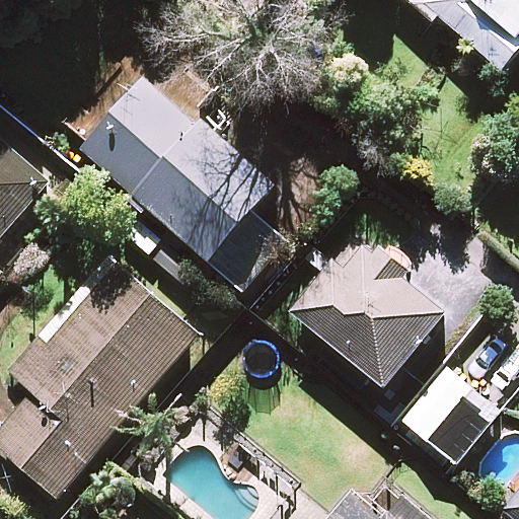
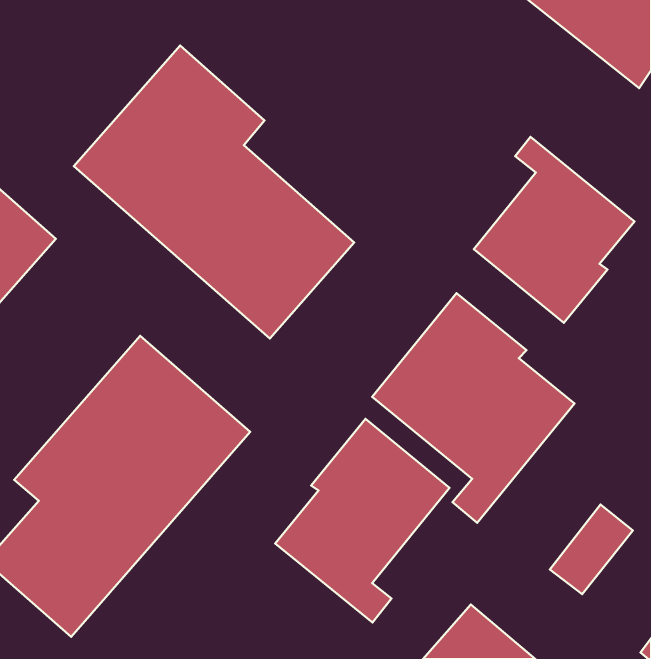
building: none -> [474,137,634,323]
building: none -> [275,419,450,623]

